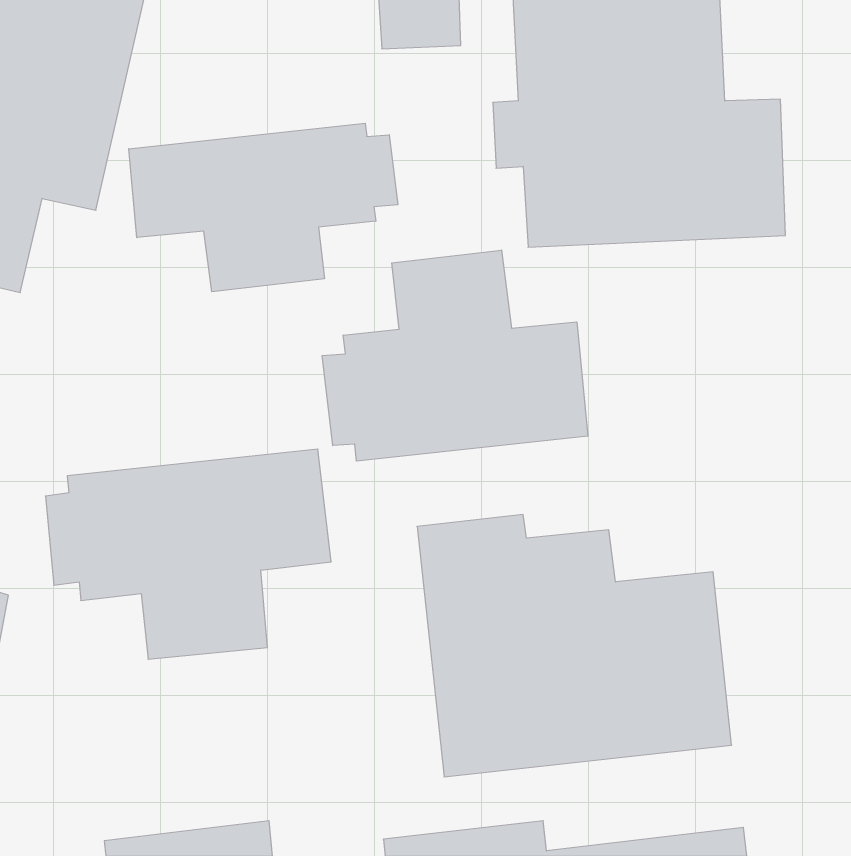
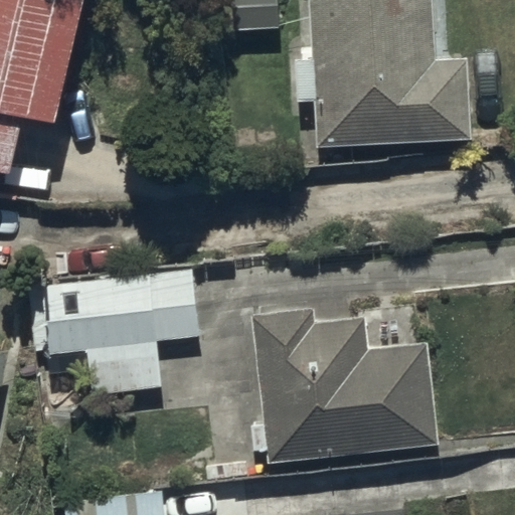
building: [129,123,398,292] -> none
building: [322,250,588,461] -> none

